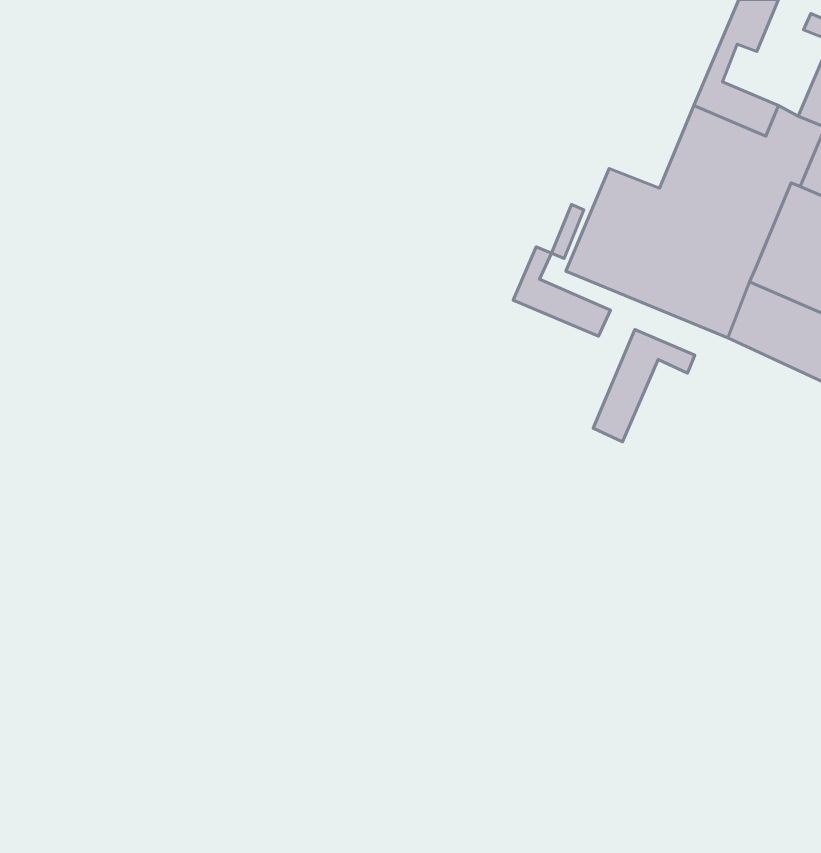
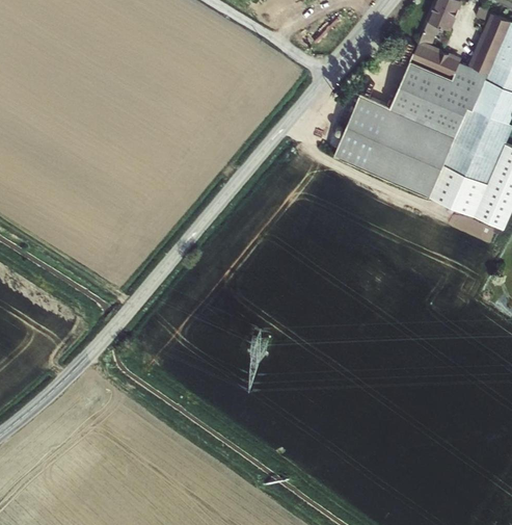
building: [513,247,611,336] -> none
building: [593,329,695,442] -> none

